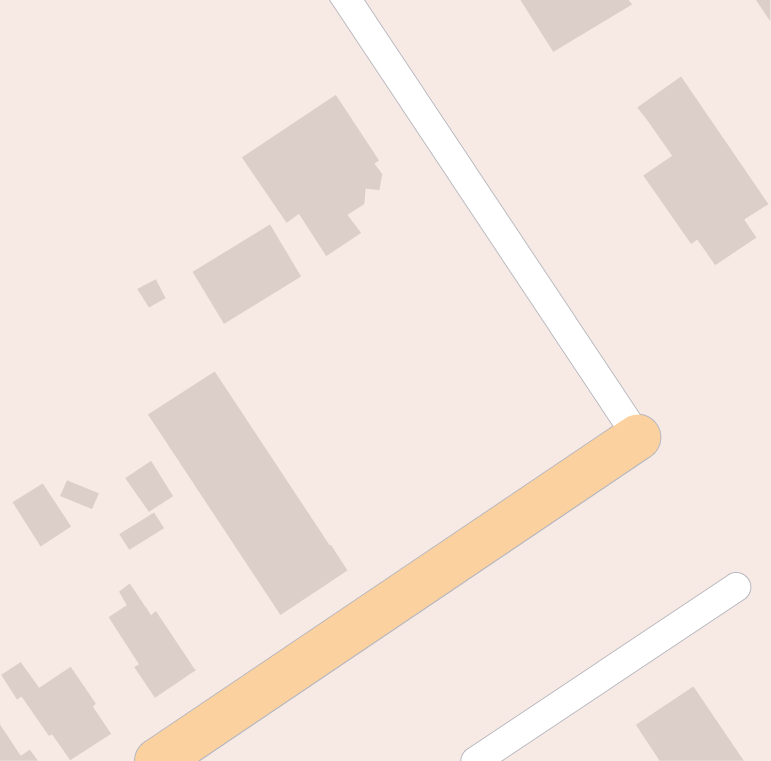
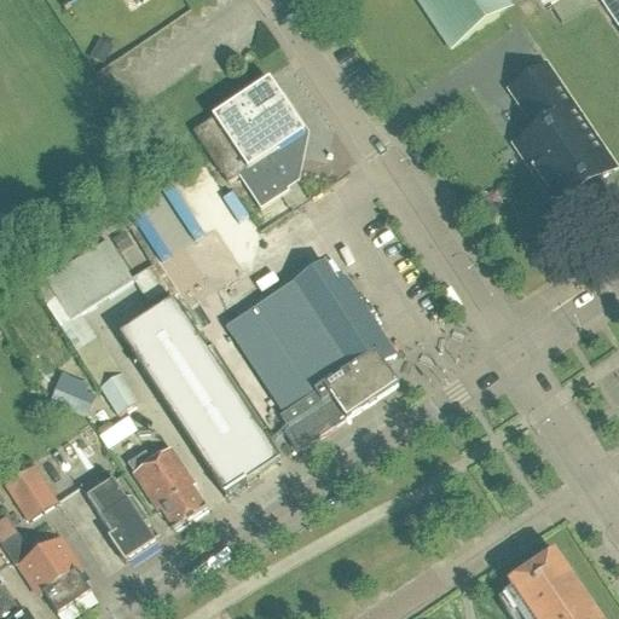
building: [192,223,302,325] -> [44,233,132,314]
building: none -> [225,255,397,440]
building: [11,483,72,548] -> [5,465,53,517]
building: none -> [127,444,206,526]

